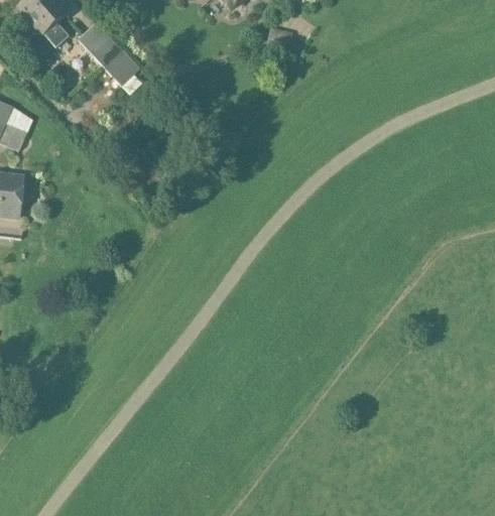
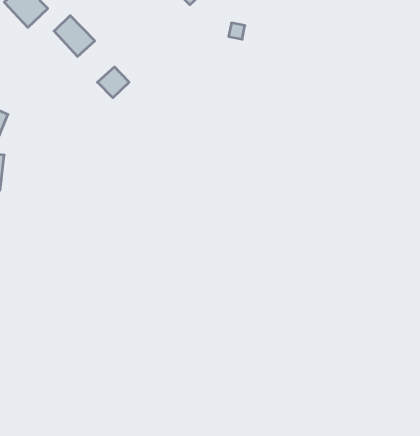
building: [104,49,139,84] -> [97,67,129,98]

